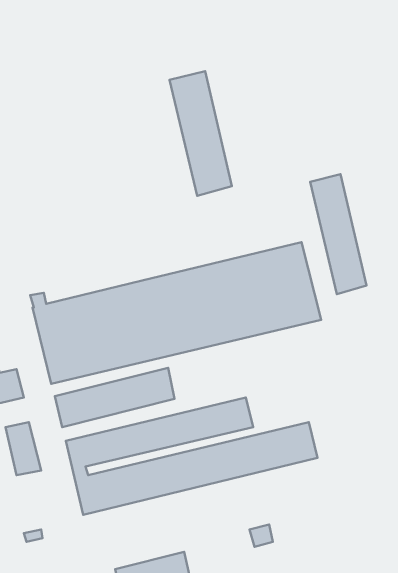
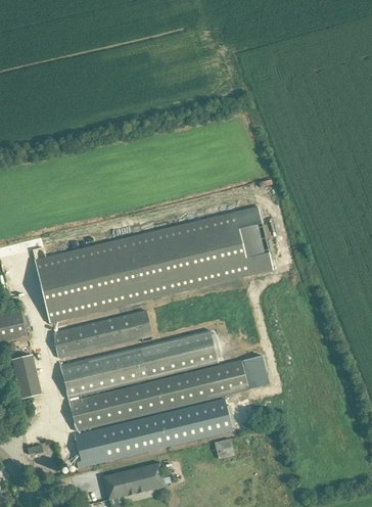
building: [169,71,232,196] -> none
building: [310,174,367,294] -> none
building: none -> [74,398,232,466]

